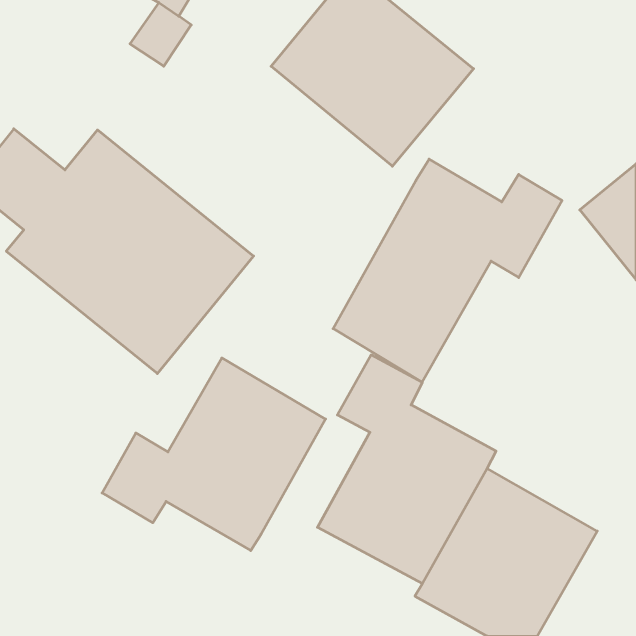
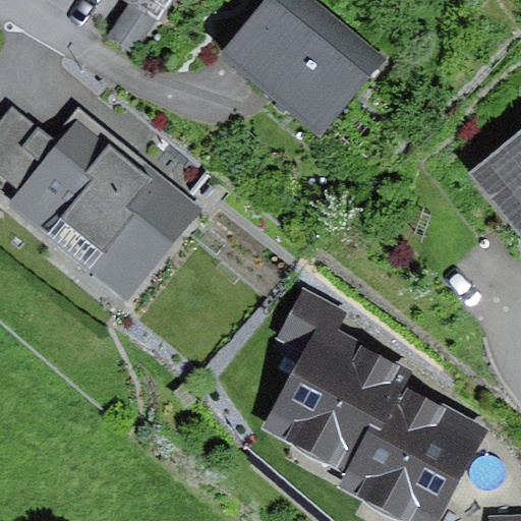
building: [333,159,562,382] -> none
building: [102,358,326,551] -> none

